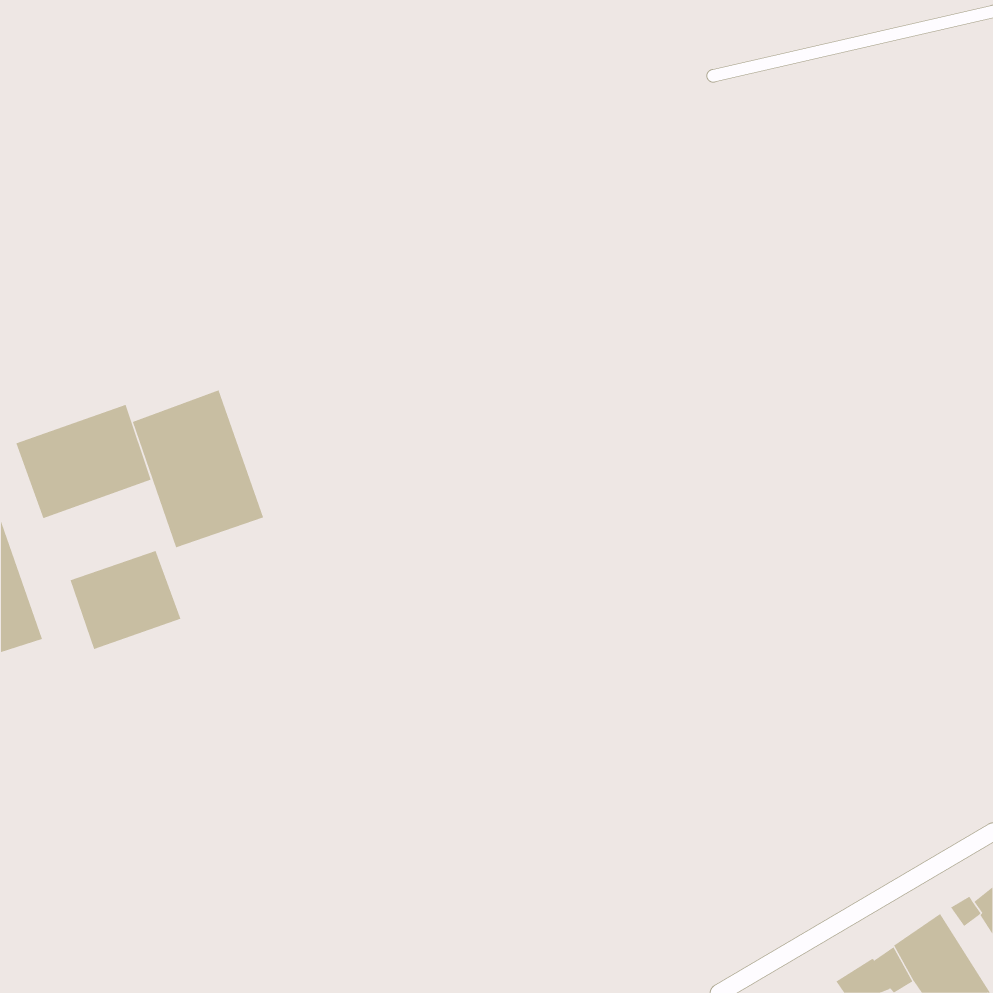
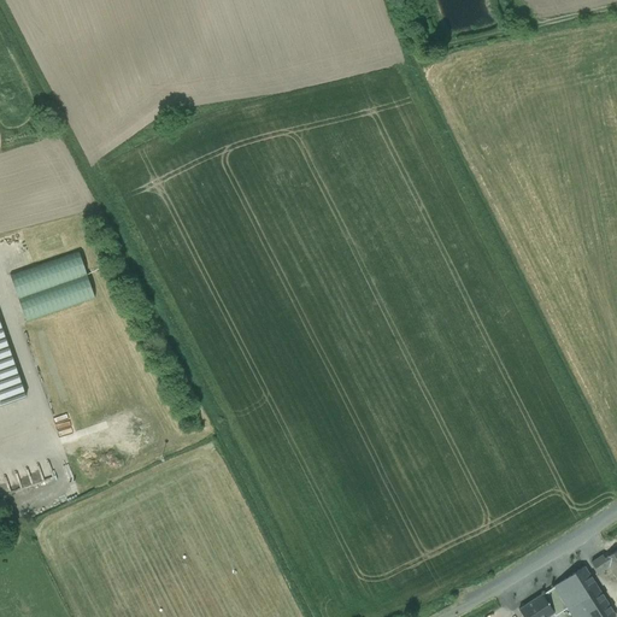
building: [132,390,264,548] -> none
building: [70,550,181,650] -> none

